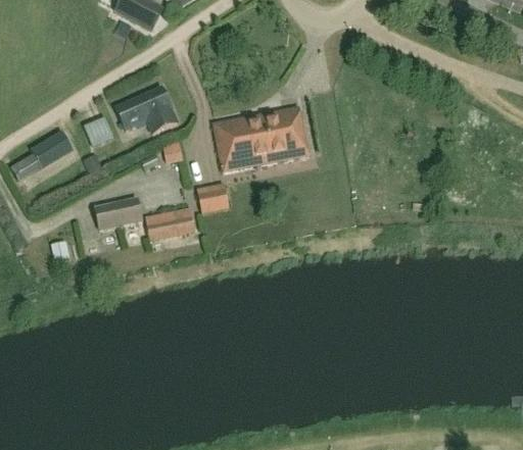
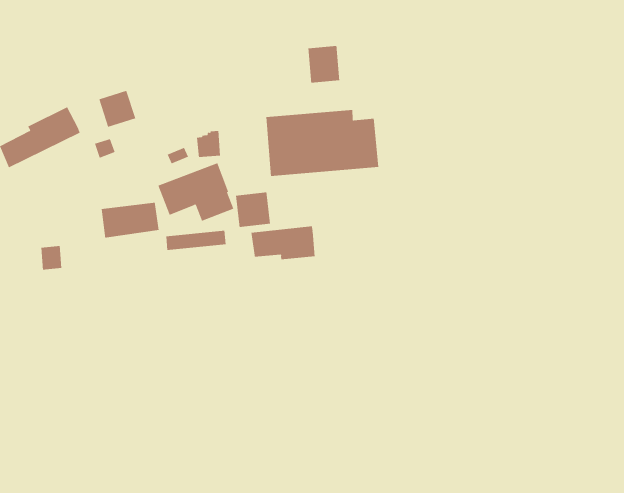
building: none -> [308,45,340,83]
building: [116,86,178,133] -> [157,162,234,221]
building: none -> [251,225,315,260]

